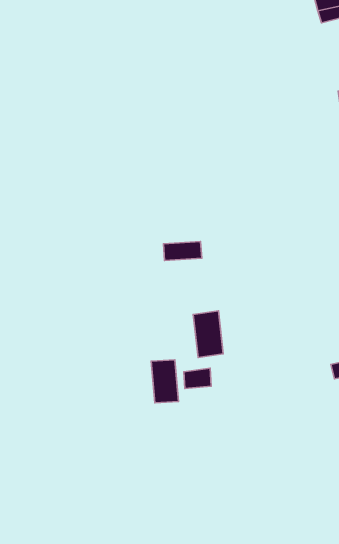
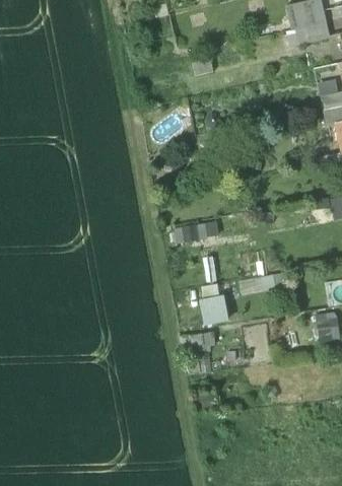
building: [151,360,179,403] -> none

